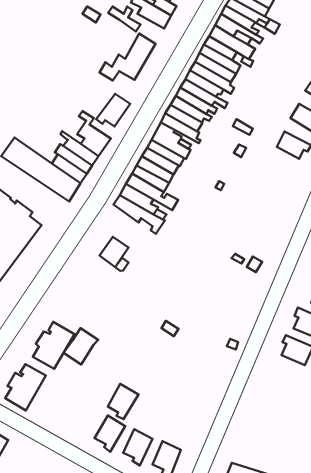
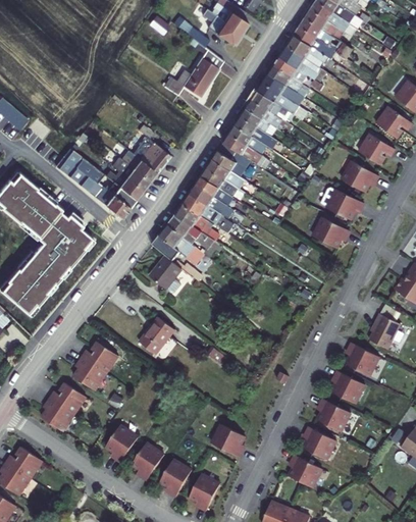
building: [96,94,130,126] -> none
building: none -> [320,188,362,218]
building: none -> [313,218,349,246]
building: none -> [152,224,205,266]
building: [64,328,98,365] -> [139,317,175,355]
building: none -> [317,400,351,432]
building: [108,384,139,419] -> [106,425,139,462]
building: none -> [303,427,336,460]
building: none -> [212,424,246,457]
building: none -> [289,455,322,488]

